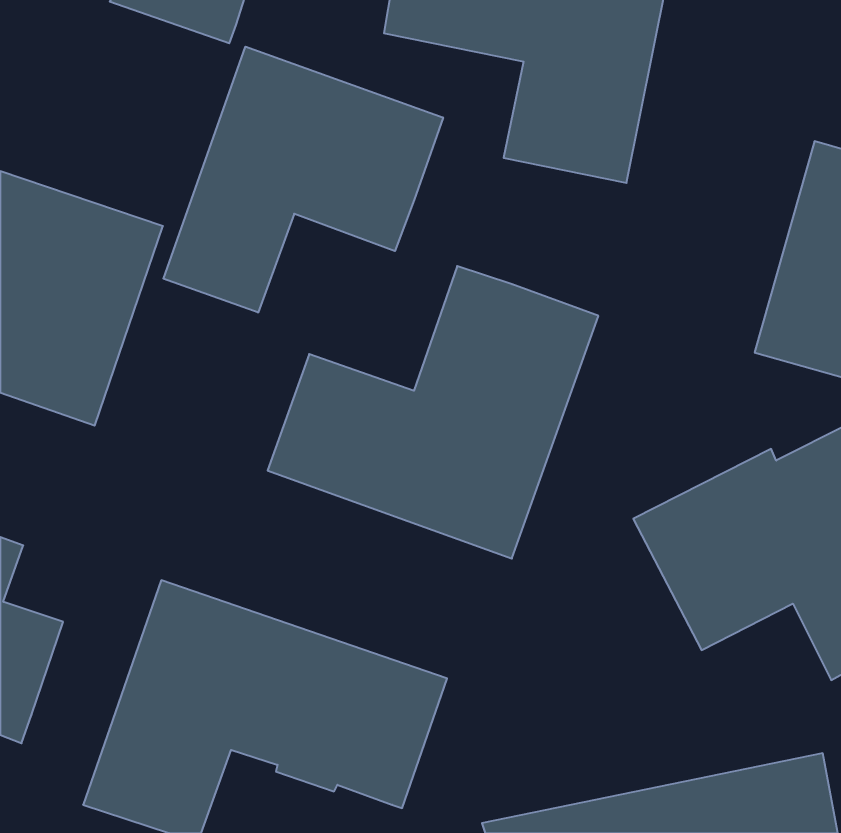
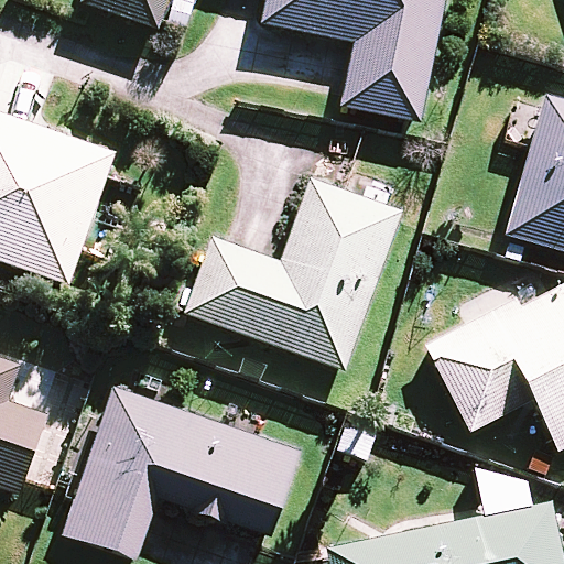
building: [163,47,443,313] -> none

